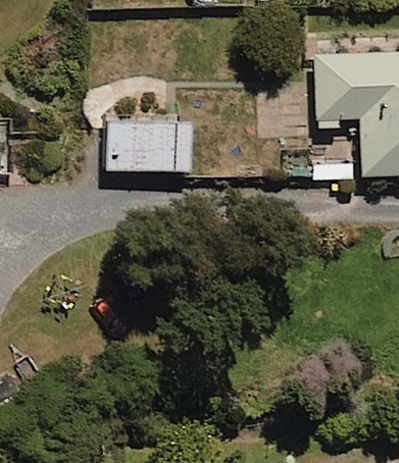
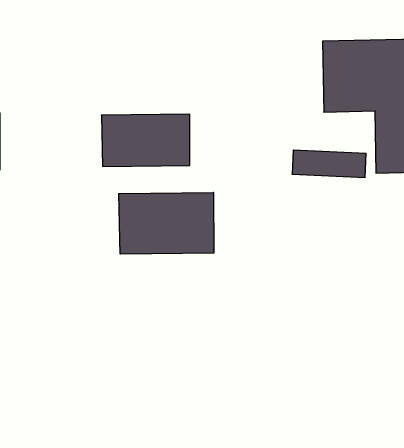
building: none -> [119,192,214,254]

